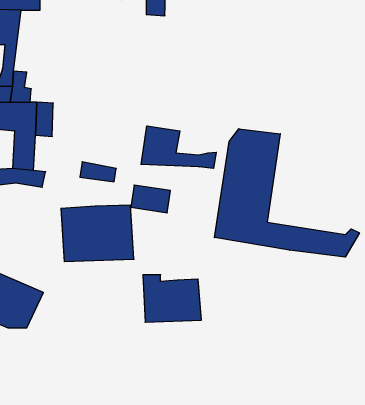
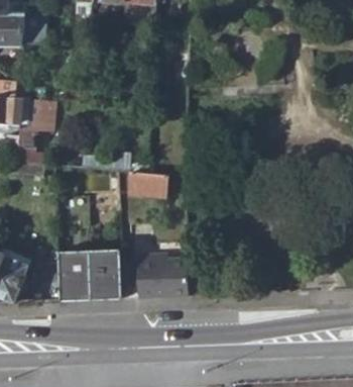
building: [141,126,216,168] -> none
building: [215,129,359,257] -> none
building: [61,205,134,262] -> [54,250,121,301]

